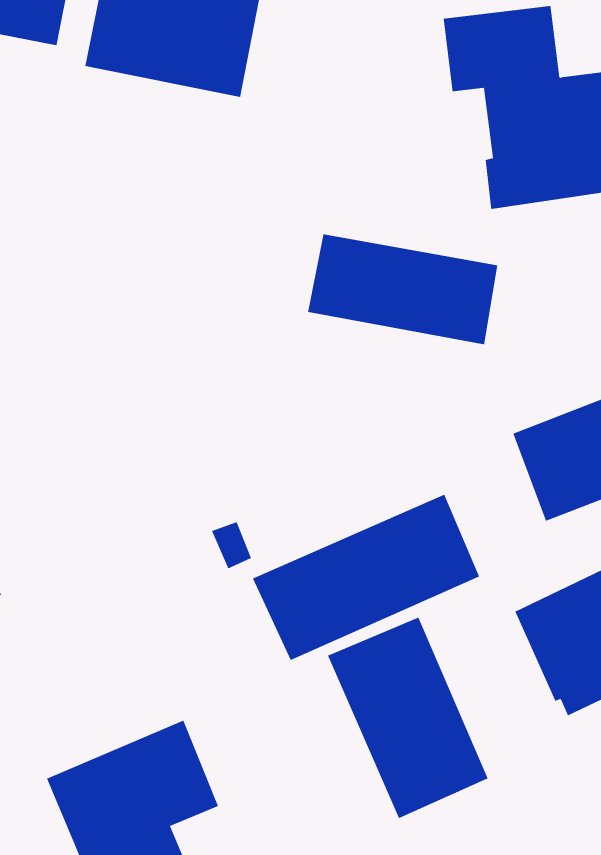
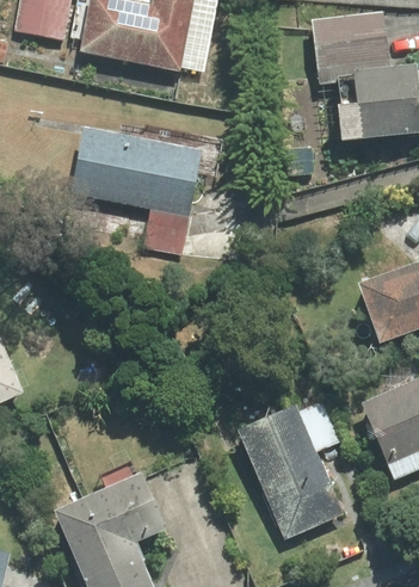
building: none -> [73,128,203,243]
building: [308,233,498,345] -> none
building: [252,494,480,661] -> none

